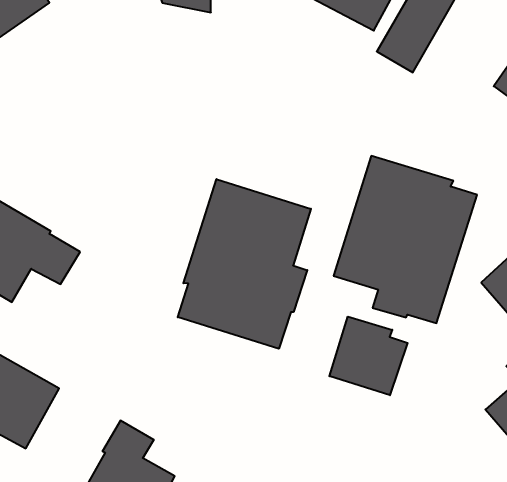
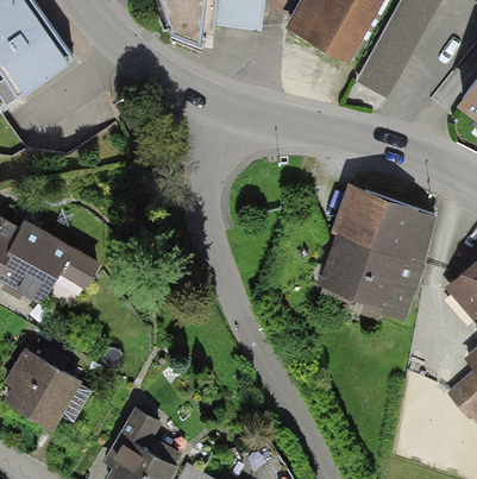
building: [178,179,311,349] -> none
building: [329,317,408,395] -> none

